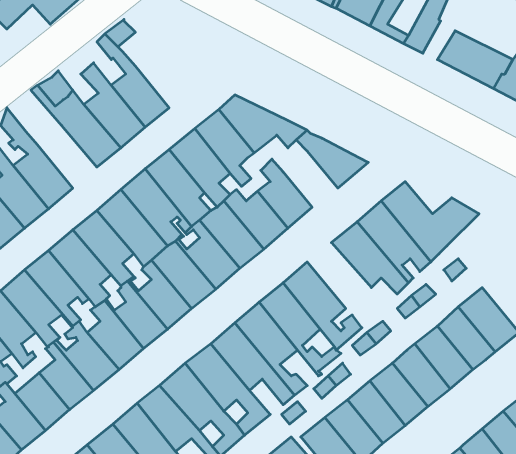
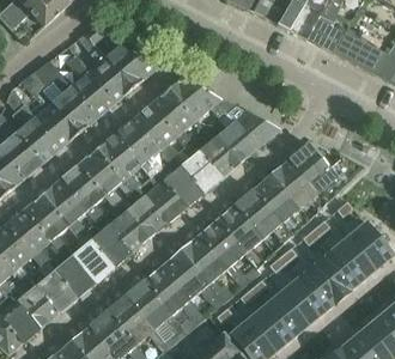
building: none -> [107,45,158,87]
building: none -> [20,74,78,147]
building: none -> [208,111,257,162]
building: none -> [235,188,292,243]

